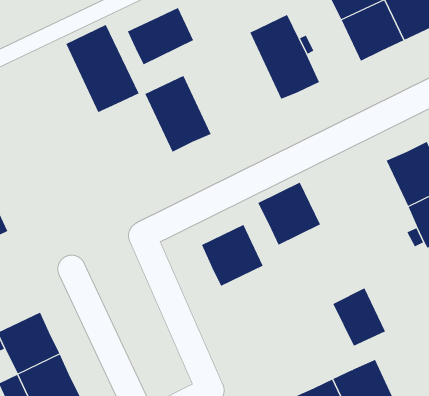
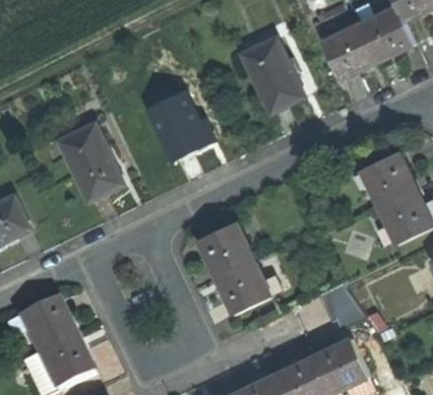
building: [127,7,194,65] -> none
building: [66,24,140,113] -> [57,122,122,200]
building: [257,182,321,245] -> [215,258,271,314]

